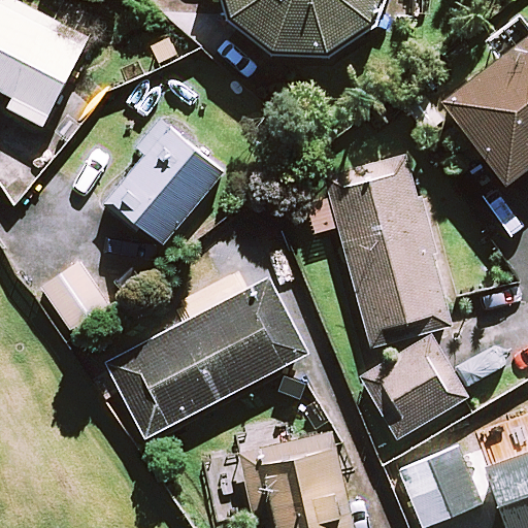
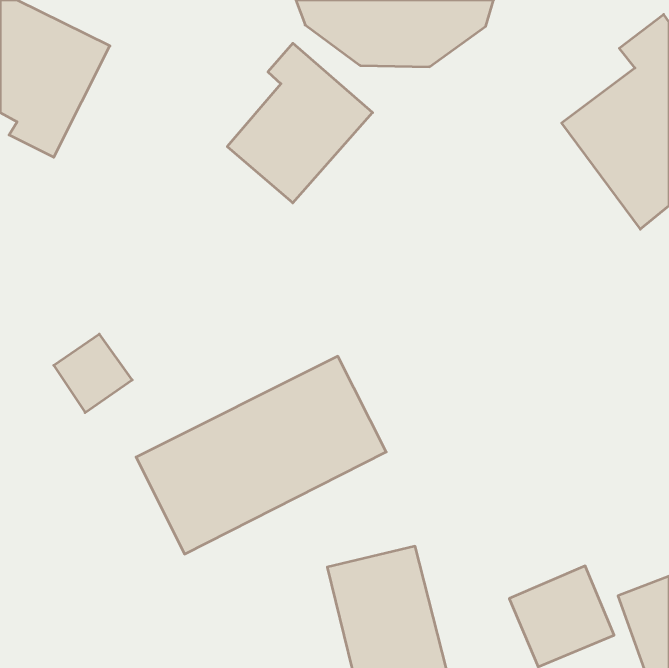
building: [109,117,224,242] -> [227,43,373,203]
building: [303,150,457,349] -> none
building: [358,335,471,443] -> none

